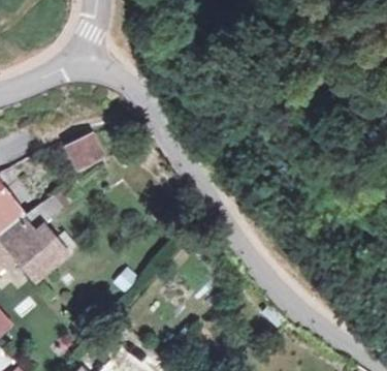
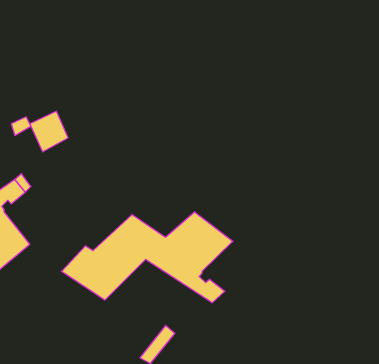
building: none -> [61,212,233,303]

